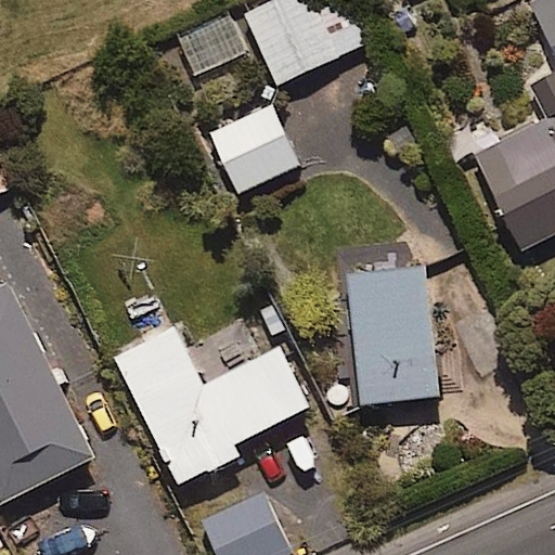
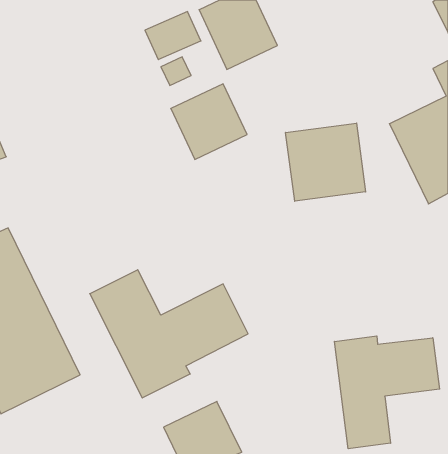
building: none -> [286,123,366,201]
building: [347,262,442,405] -> none
building: none -> [334,336,440,449]

